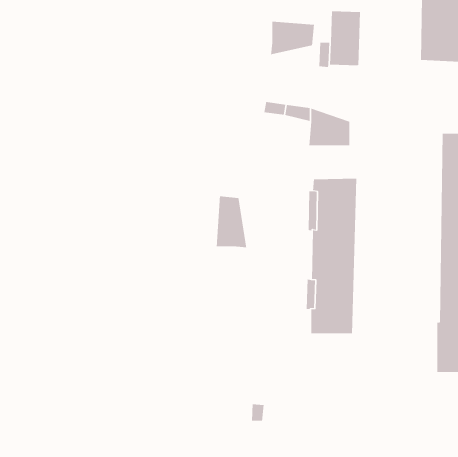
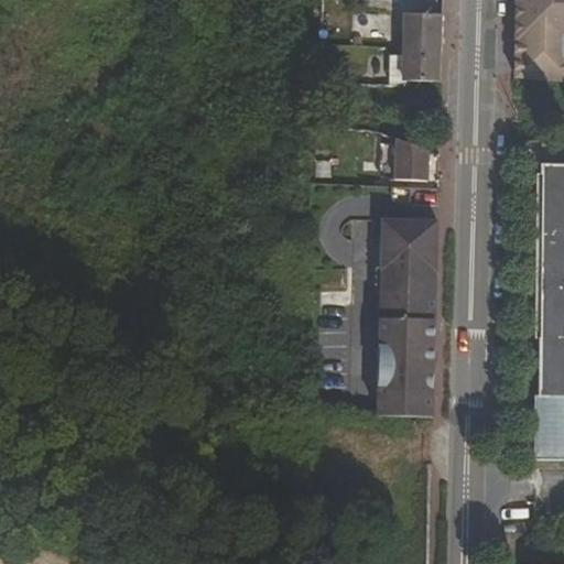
building: [271,21,314,55] -> none
building: [216,196,247,248] -> none

